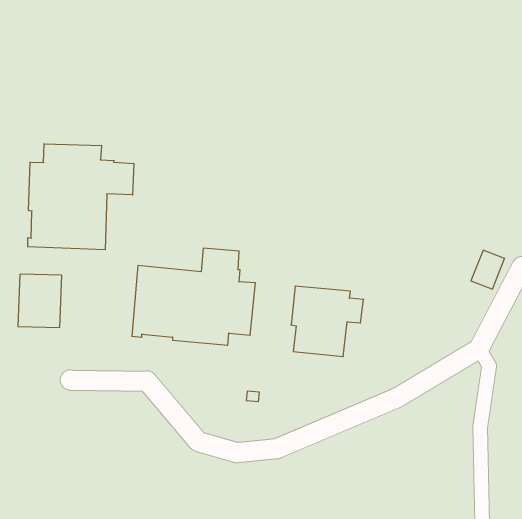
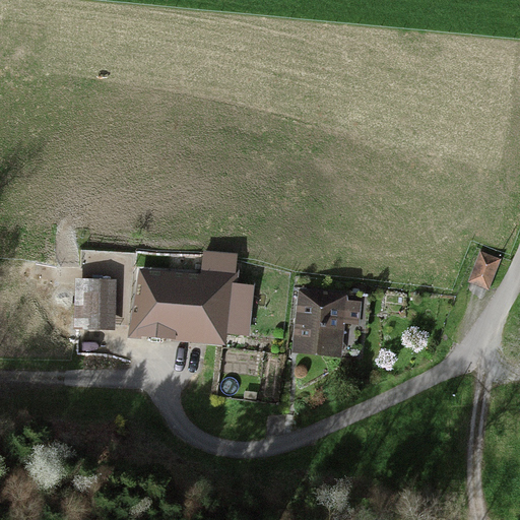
building: [28,144,134,250] -> none
building: [18,274,62,327] -> [73,277,117,330]

